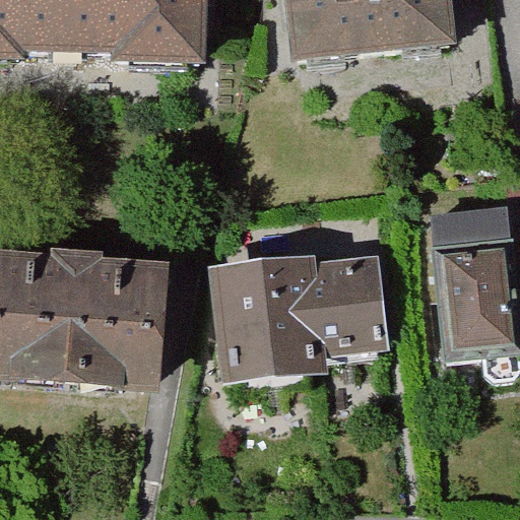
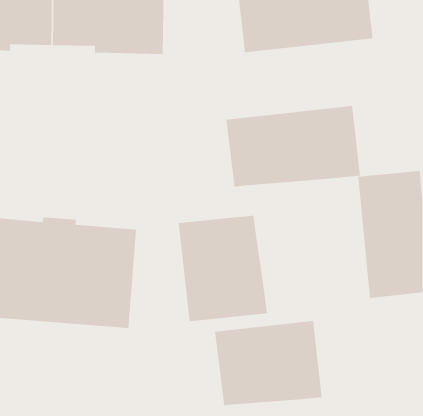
building: none -> [226,105,361,188]
building: [309,263,387,354] -> none
building: none -> [215,320,322,406]

